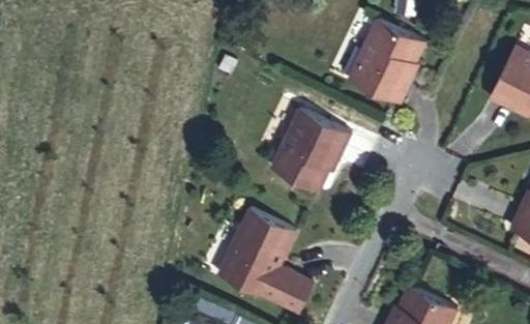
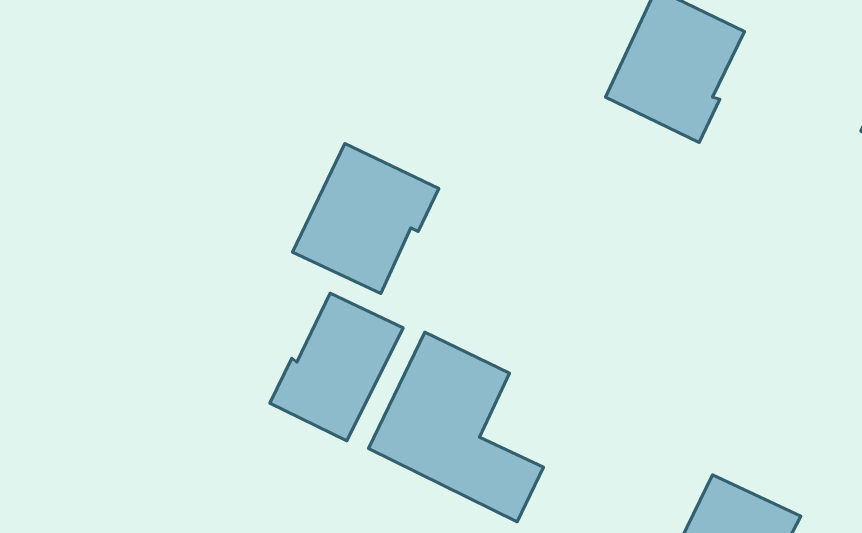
building: [271,108,352,190] -> [292,143,439,294]
building: none -> [270,293,403,441]

